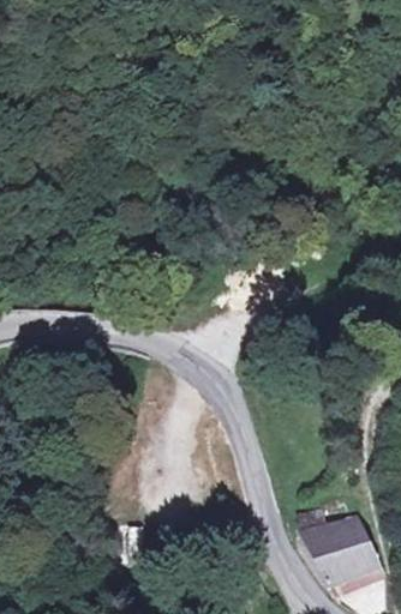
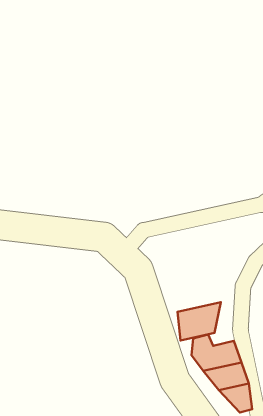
building: none -> [178,302,221,340]

